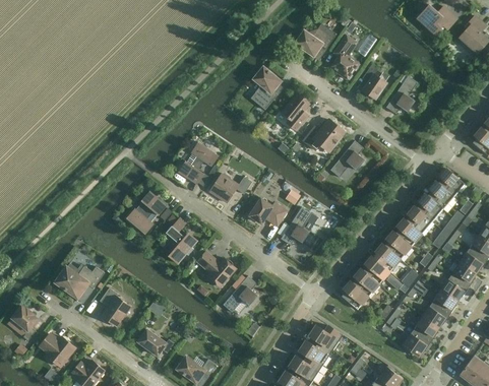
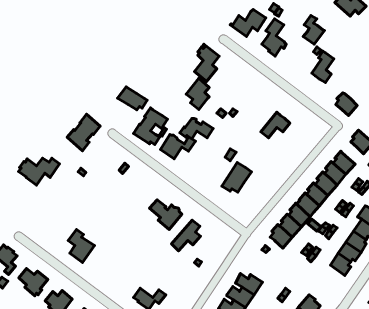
building: [361,64,386,99] -> [303,15,324,44]
building: [281,92,308,130] -> [186,78,209,109]
building: none -> [118,87,147,110]
building: [302,119,345,151] -> none
building: [427,181,452,208] -> [336,93,357,116]
building: [126,190,166,234] -> [67,114,100,151]
building: [246,198,286,222] -> [180,118,213,139]
building: [166,217,197,263] -> none
building: [55,265,104,298] -> [19,158,59,185]
building: [309,325,343,349] -> none
building: [137,328,173,355] -> none
building: [401,329,430,353] -> none

